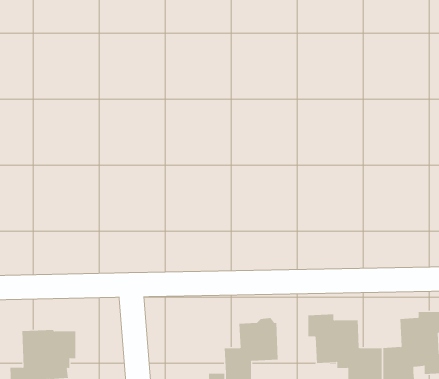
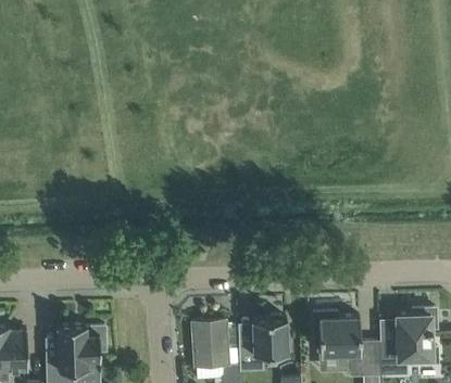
building: none -> [190,320,230,366]

